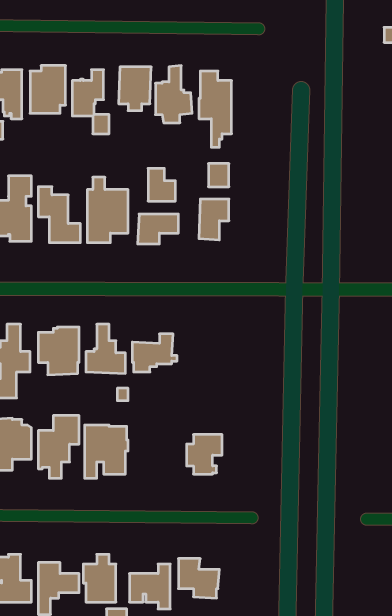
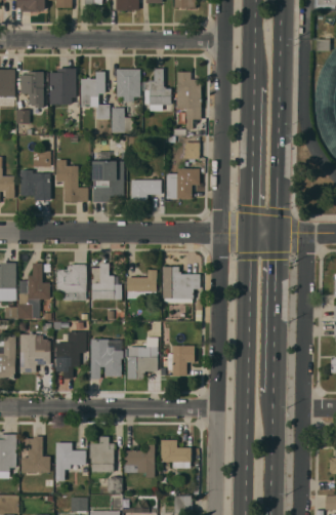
building: [148,168,175,201] -> [112,108,132,132]
building: none -> [162,266,200,303]
building: none -> [127,347,158,379]

